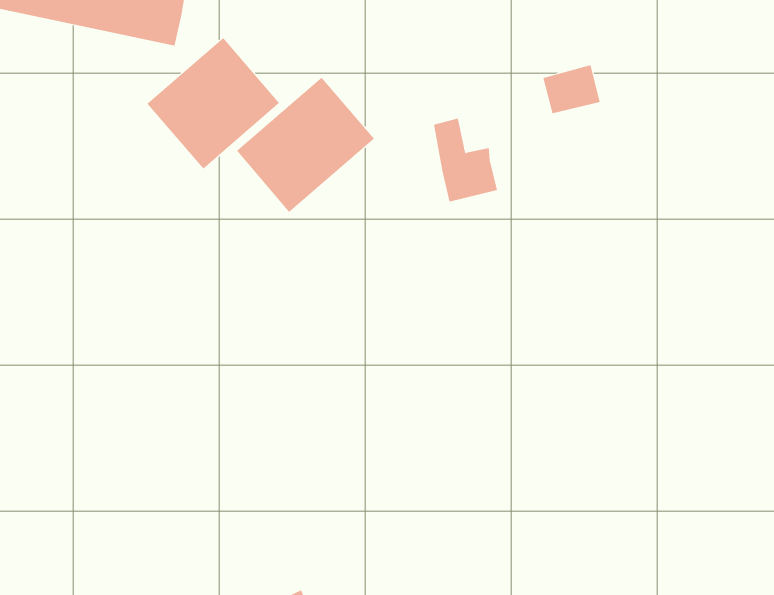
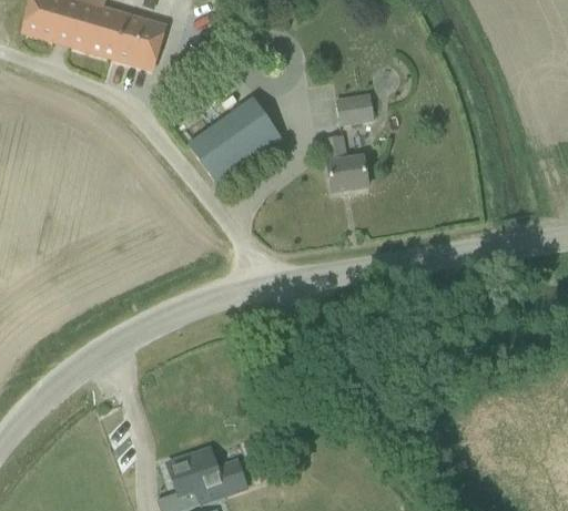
building: [147,37,280,169] -> none
building: [543,64,601,114] -> [336,92,375,124]

